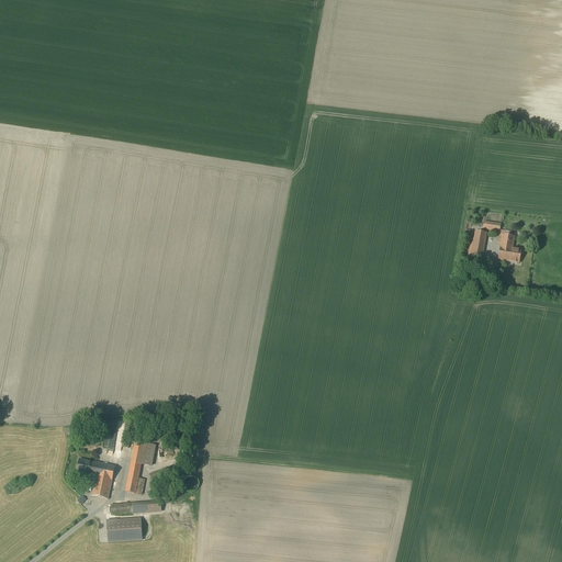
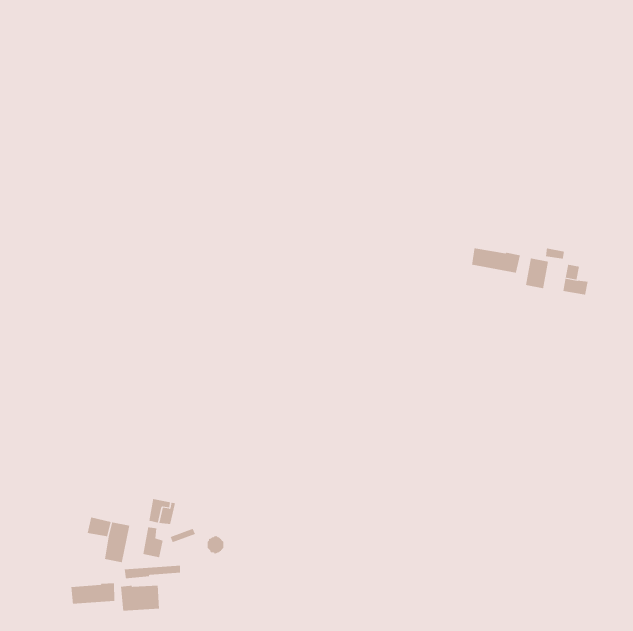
building: none -> [471,247,521,273]
building: none -> [71,582,115,604]

